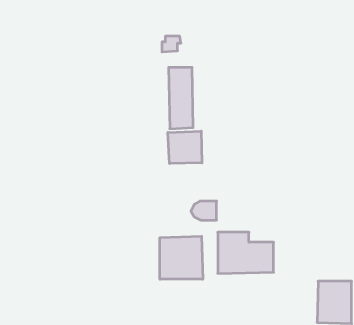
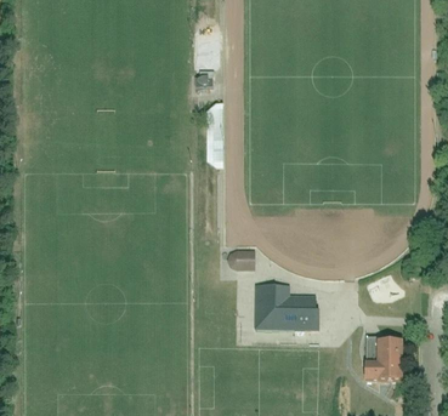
building: [168,131,202,164] -> none
building: [160,236,203,279] -> none

